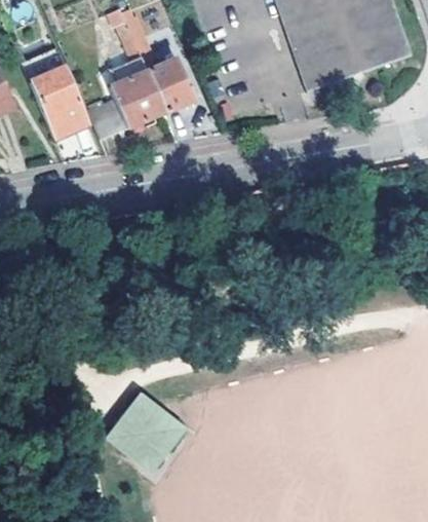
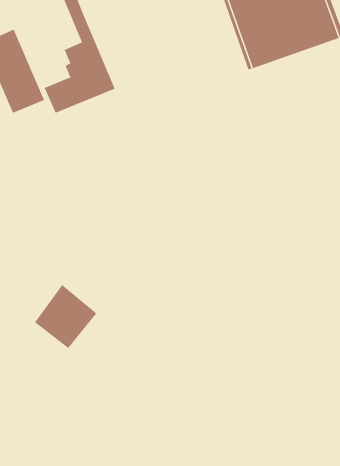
building: [130,23,197,112] -> none
building: [112,400,180,470] -> [34,284,97,349]

